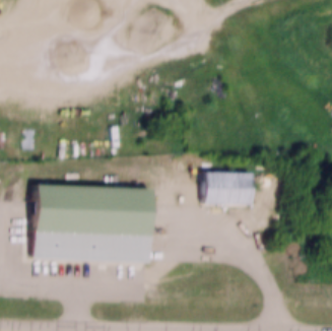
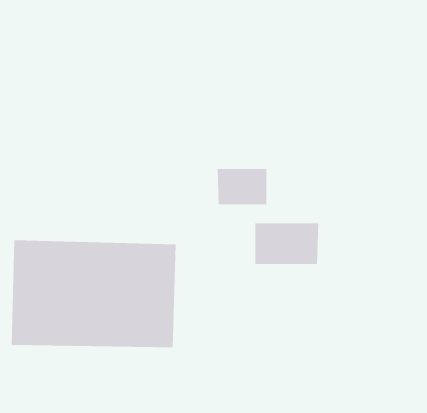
building: none -> [217,168,267,205]

